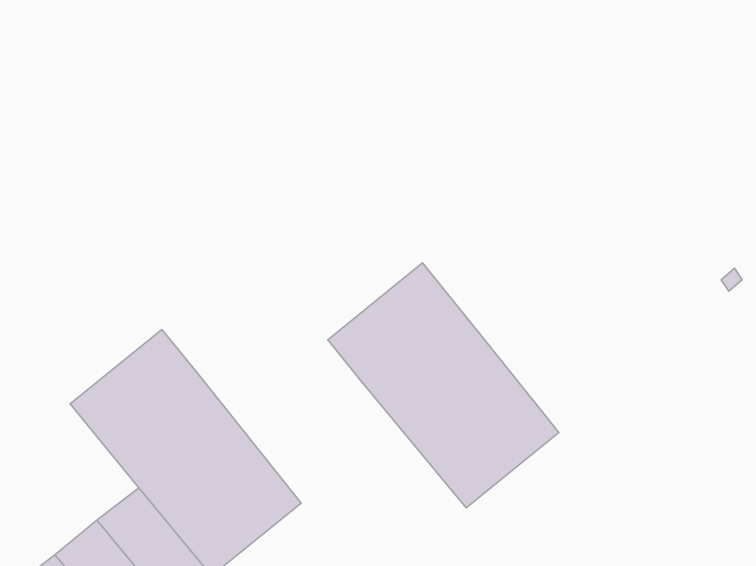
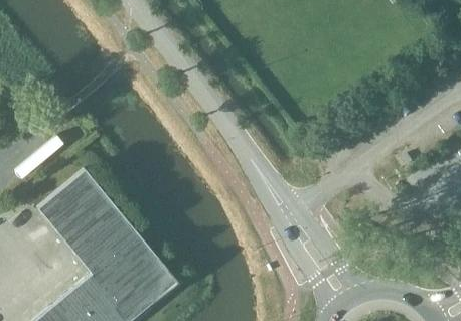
building: [328,263,559,508] -> none
building: none -> [37,169,104,230]

